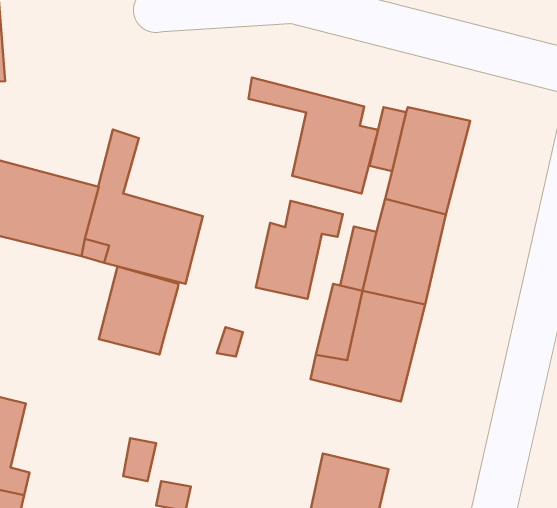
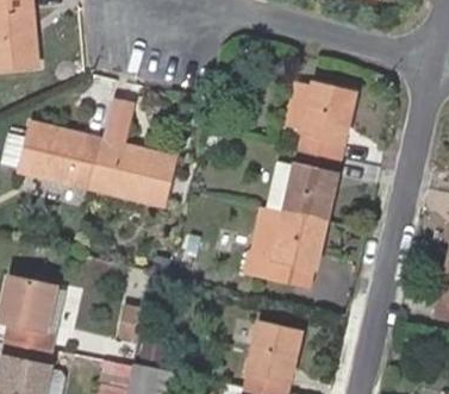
building: [248,78,378,194] -> none
building: [256,201,343,299] -> none
building: [99,266,179,355] -> none

